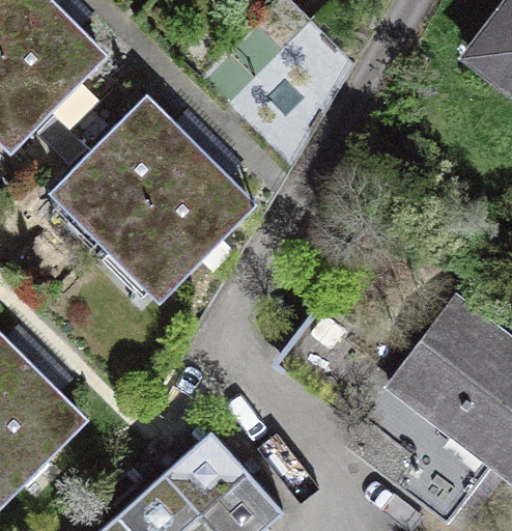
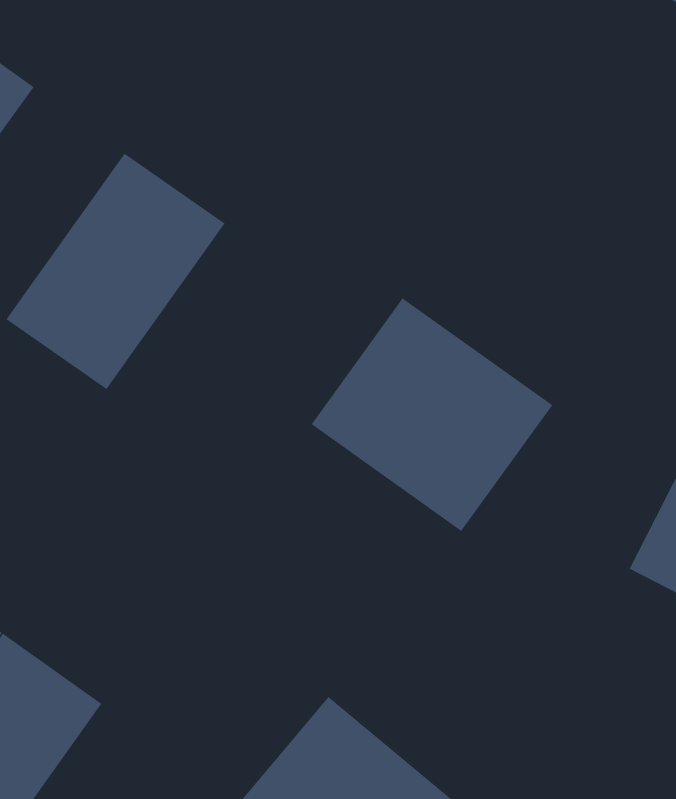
building: [112,152,248,289] -> none
building: none -> [311,298,553,532]

